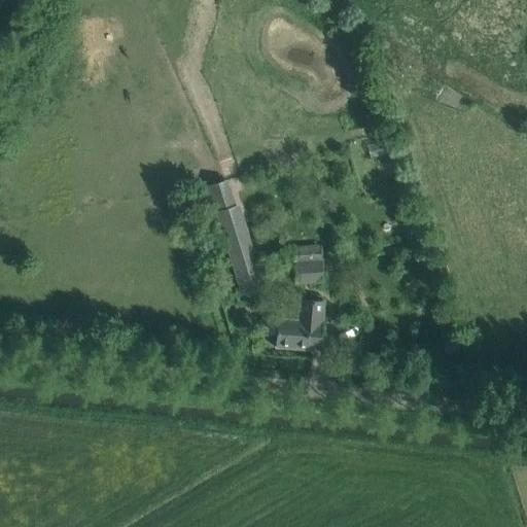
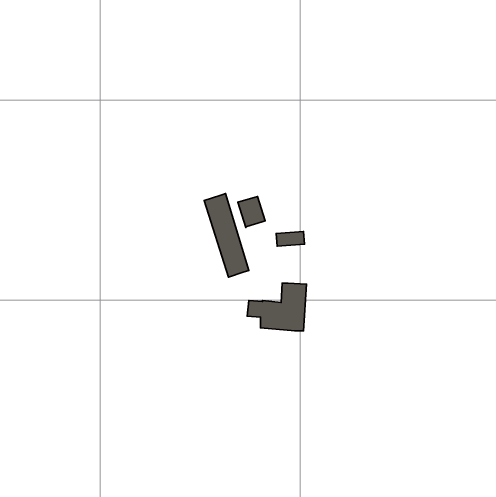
building: [208,180,237,213] -> [238,196,265,228]
building: [294,258,325,285] -> none

